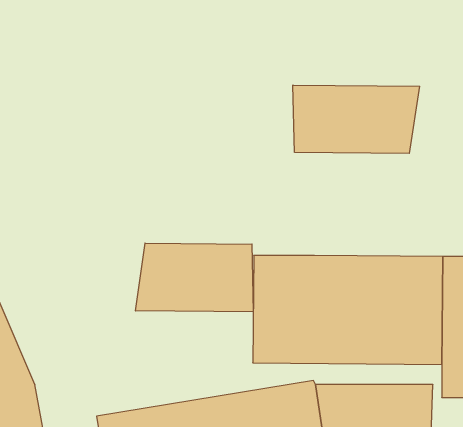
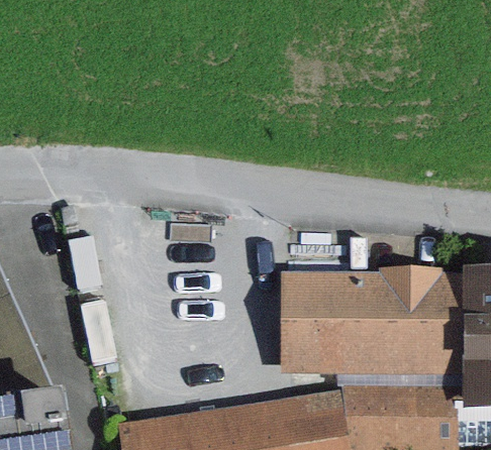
building: [293,85,420,153] -> none
building: [136,243,253,312] -> none

